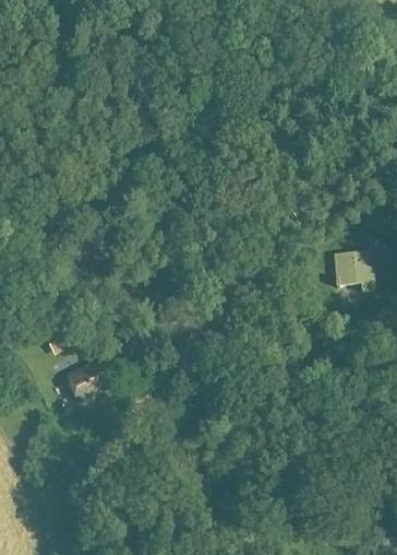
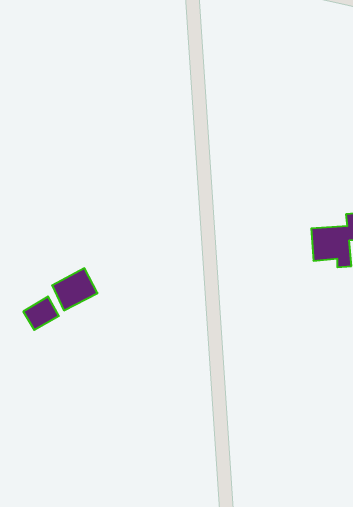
building: [67,363,112,405] -> [52,268,98,310]

